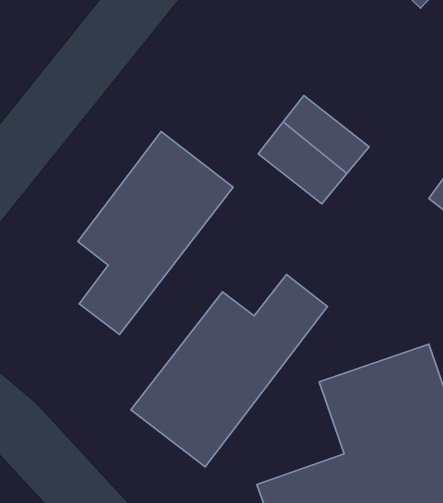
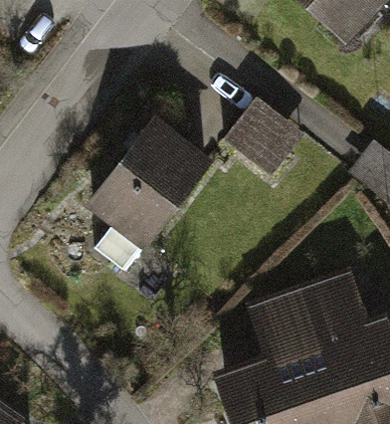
building: [131,275,328,467] -> none

